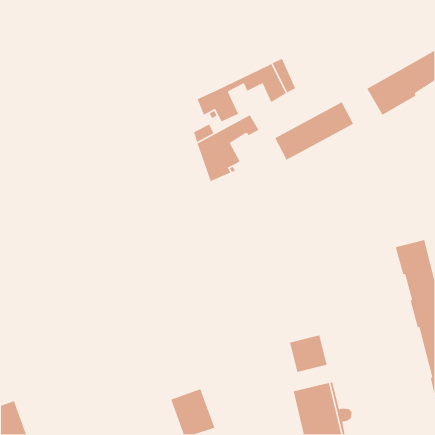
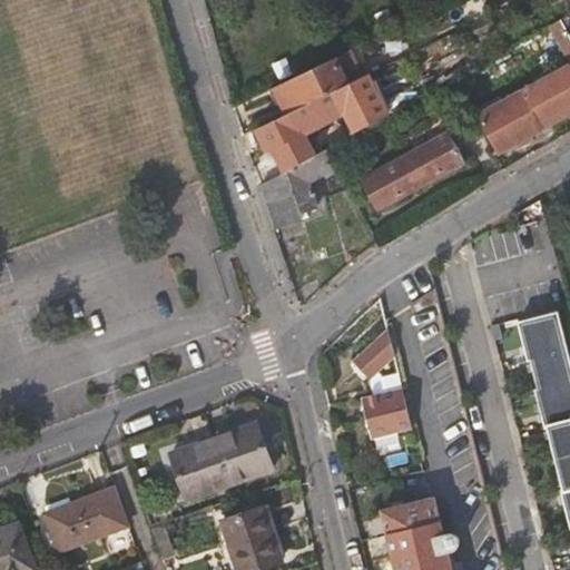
building: none -> [269,58,351,118]
building: none -> [350,324,395,379]
building: none -> [175,423,275,499]
building: [289,335,327,373] -> [363,389,413,439]
building: none -> [47,489,127,550]

